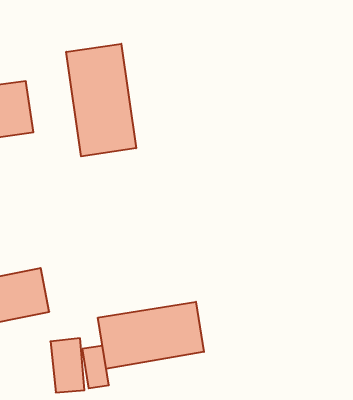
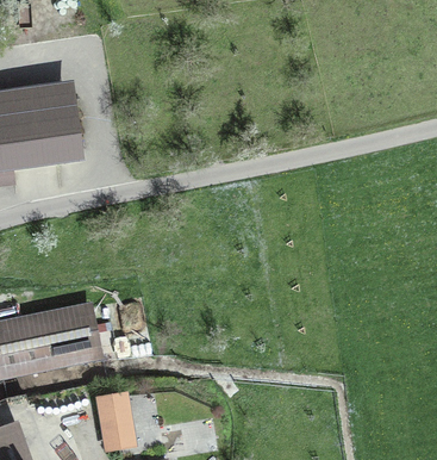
building: [66,44,136,156] -> none
building: [98,302,204,369] -> none

